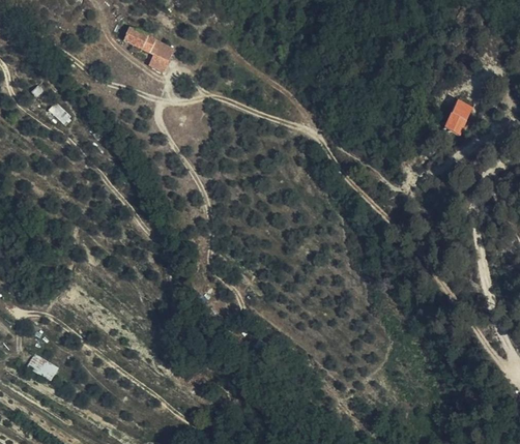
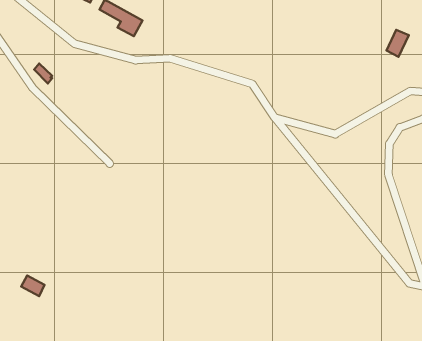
building: [449,100,475,132] -> [387,30,409,57]

